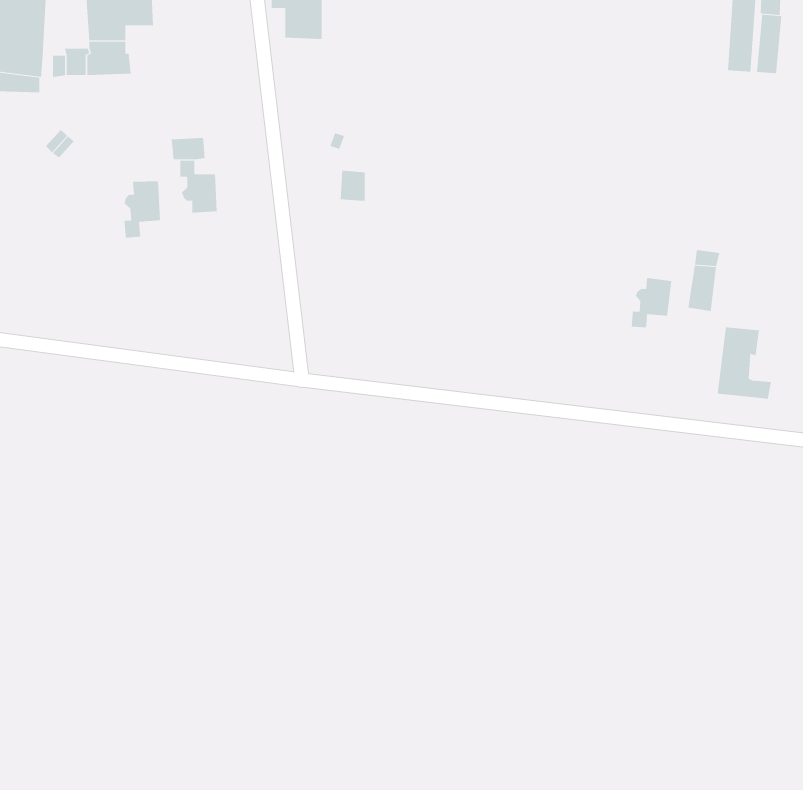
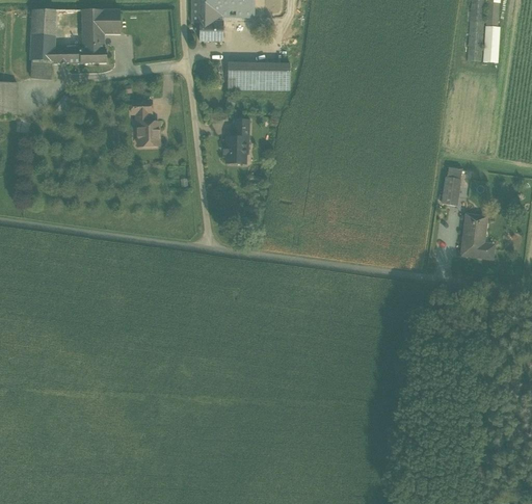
building: none -> [228,63,290,88]
building: [124,181,160,239] -> none
building: none -> [223,138,248,164]
building: [631,277,672,328] -> none

